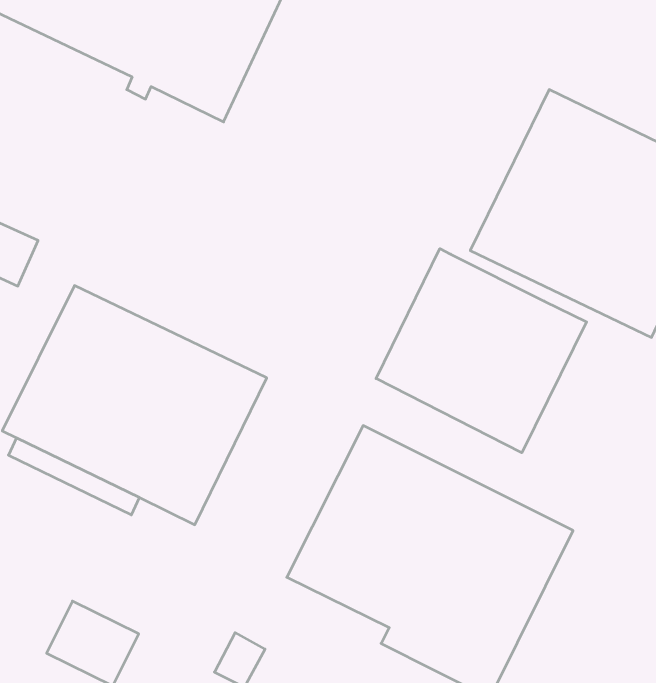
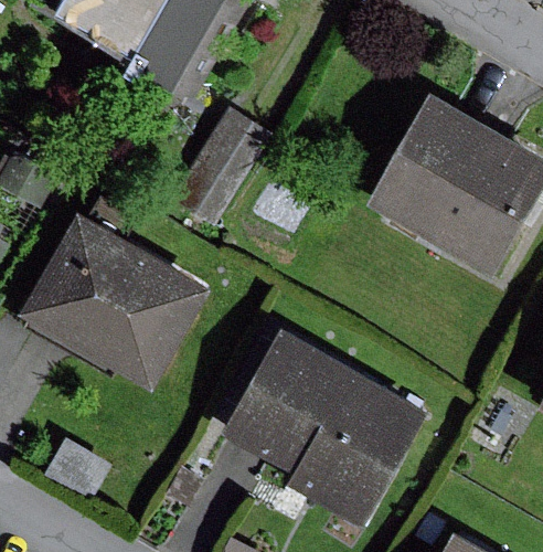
building: none -> [167,108,268,229]
building: [376,249,587,453] -> none

